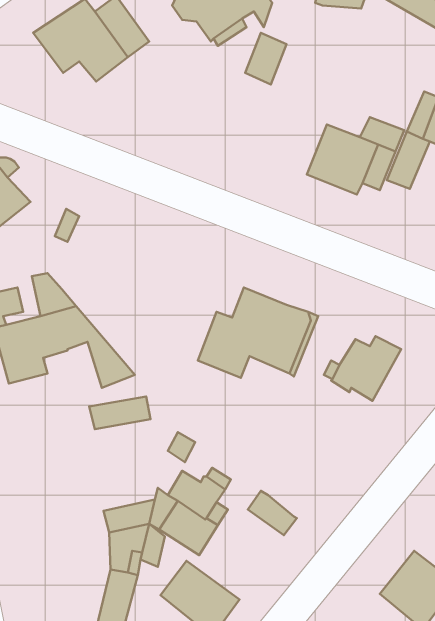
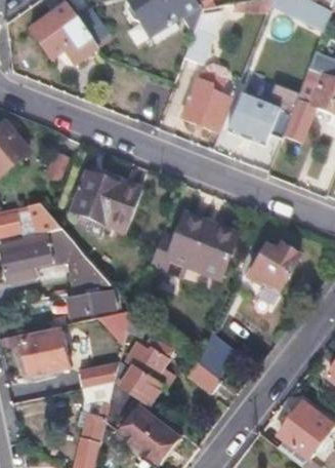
building: none -> [181,72,228,132]
building: none -> [72,169,143,231]
building: none -> [25,328,71,375]
building: none -> [200,332,236,377]

